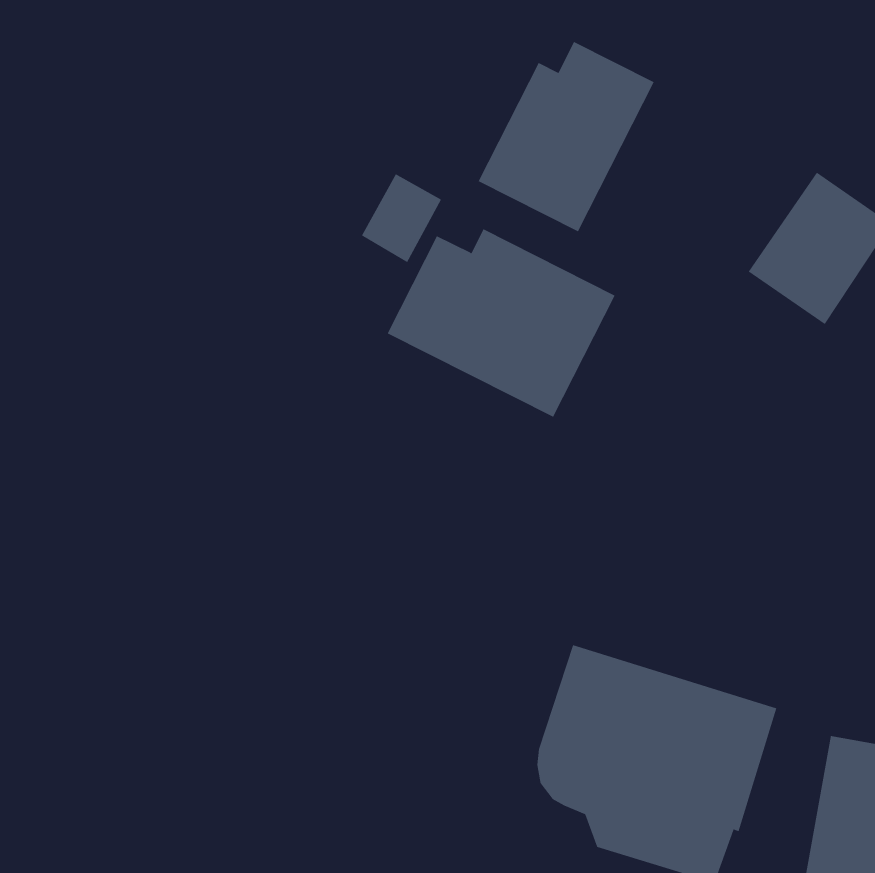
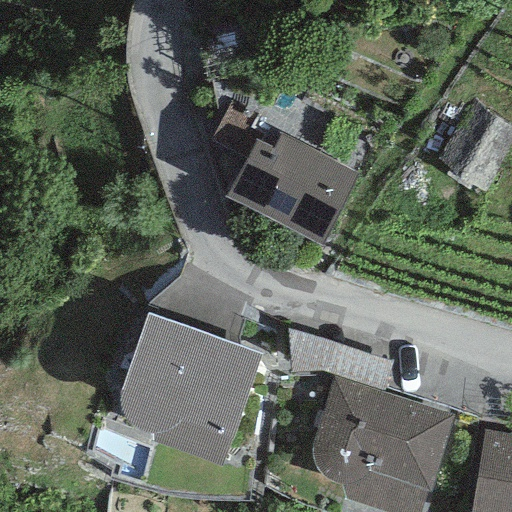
building: [478,41,654,232] -> none
building: none -> [120,309,263,462]

